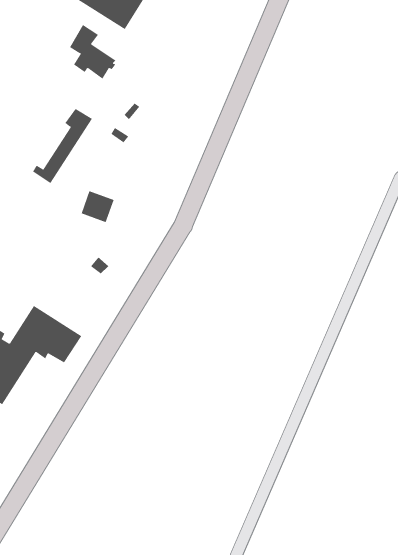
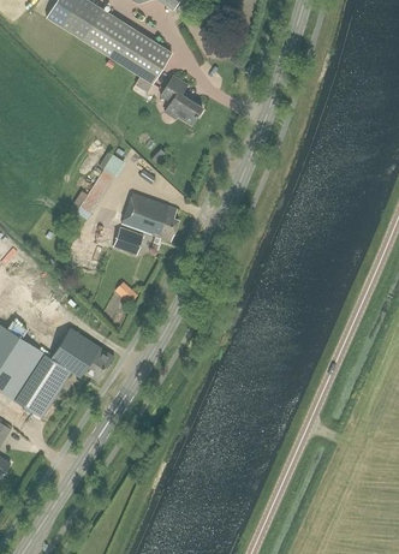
building: [69,24,116,79] -> [160,75,202,124]
building: none -> [121,192,178,248]

